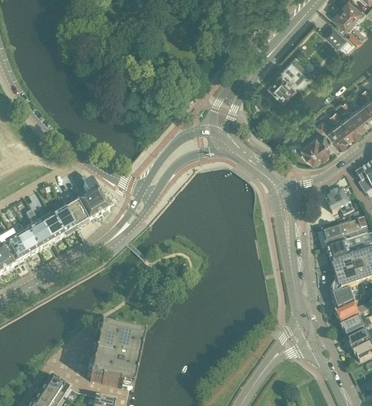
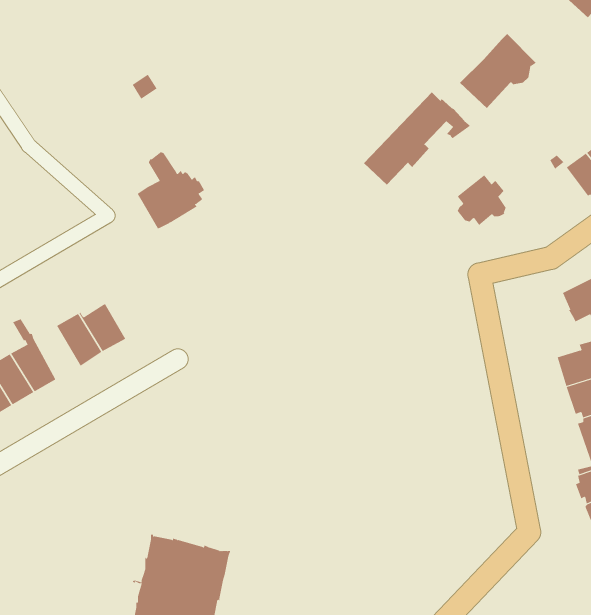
building: none -> [363,91,471,186]
building: [301,131,328,159] -> [457,174,507,226]
building: [76,179,113,221] -> [137,151,205,229]
building: [37,214,62,243] -> none

